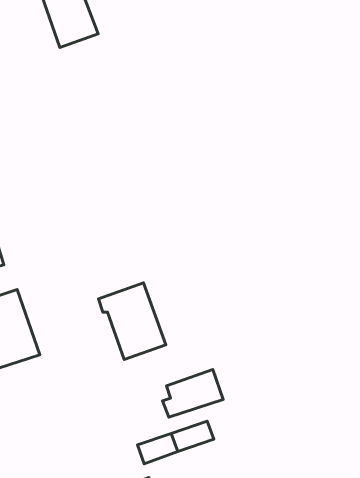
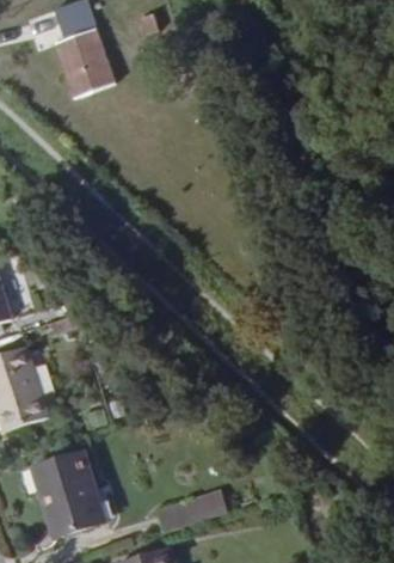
building: [98,283,166,359] -> [33,454,105,536]
building: [162,370,223,417] -> none

